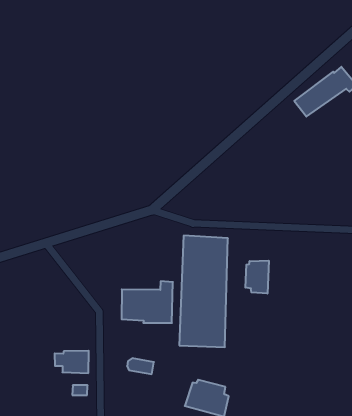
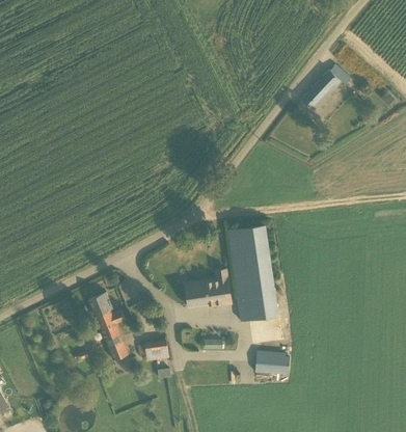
building: [245,261,269,294] -> none
building: none -> [88,293,129,360]

